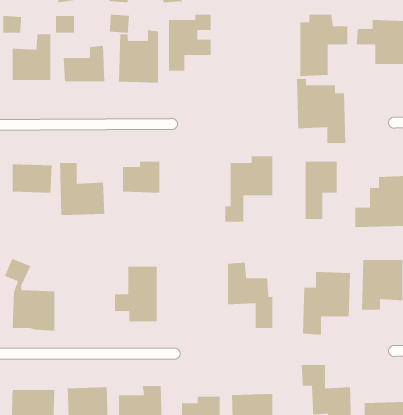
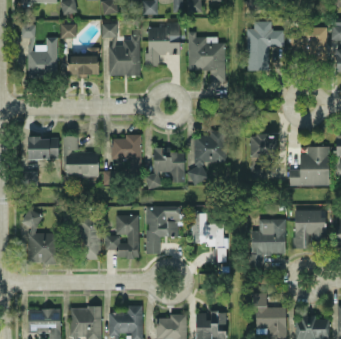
building: [296,78,346,144] -> [187,32,225,82]
building: none -> [145,148,184,188]
building: none -> [145,207,178,254]
building: none -> [79,217,100,260]

